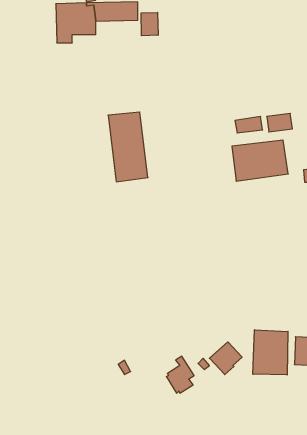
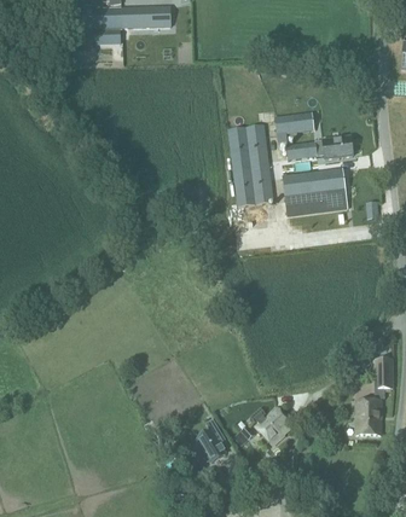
building: [141,12,158,36] -> none
building: none -> [274,111,314,143]
building: [108,112,148,182] -> [227,124,274,207]
building: [253,330,288,375] -> none

